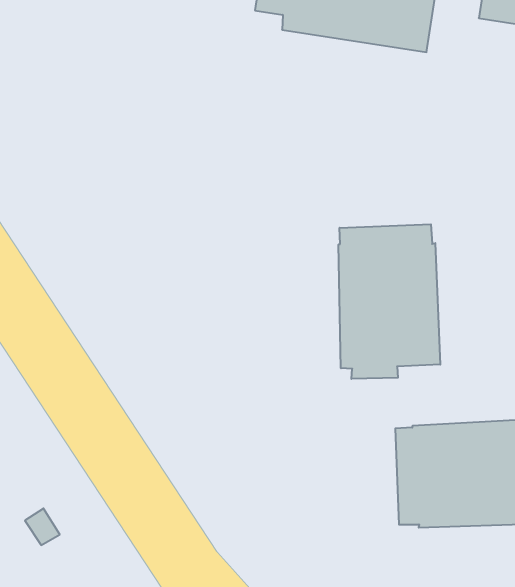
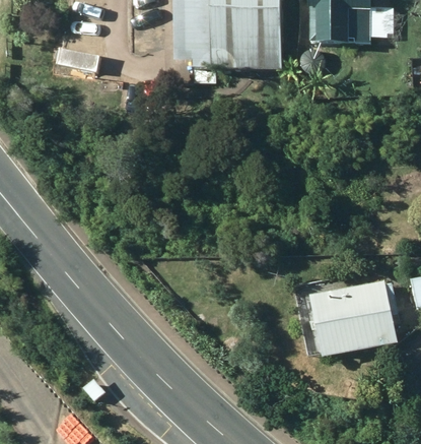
building: [339,224,440,379] -> none

